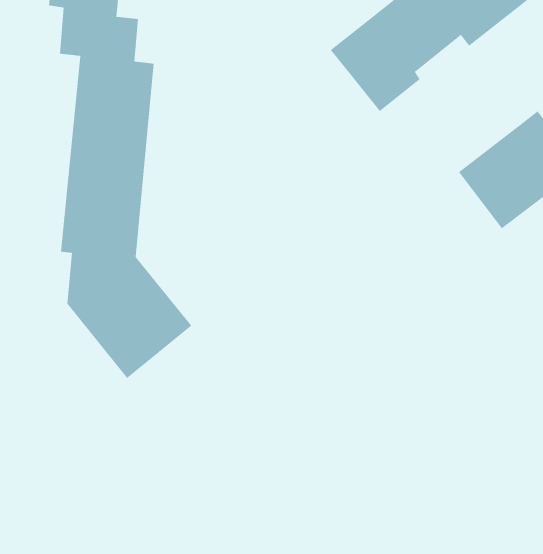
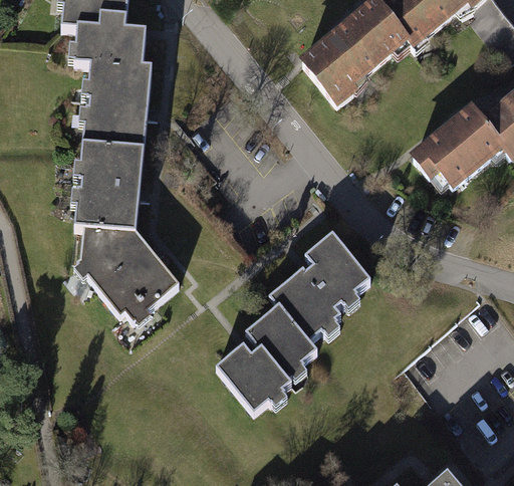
building: none -> [221,230,373,415]

